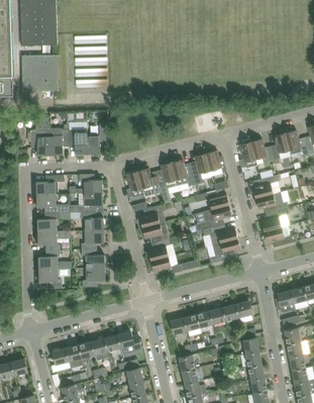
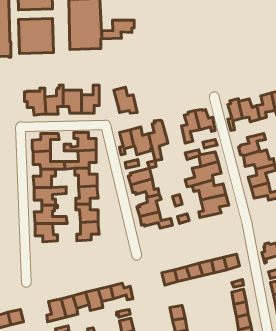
building: none -> [102,20,134,39]
building: [171,160,195,187] -> [114,87,137,113]

